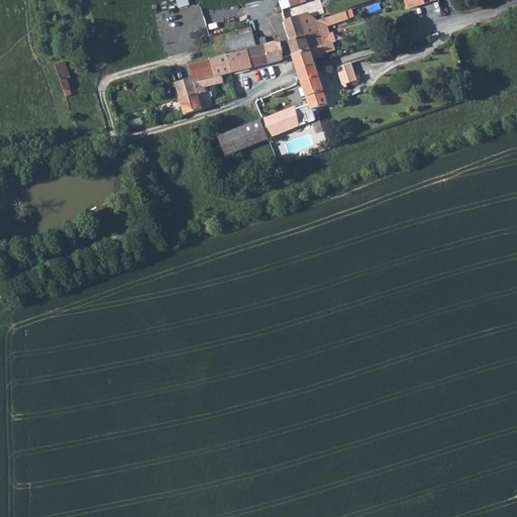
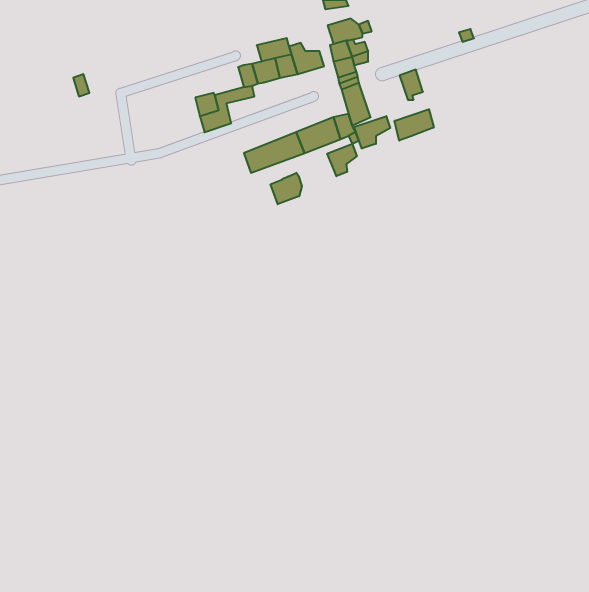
building: [186,60,216,84] -> none
building: none -> [395,109,434,141]
building: none -> [354,116,390,149]
building: none -> [327,144,357,176]
building: none -> [271,173,302,204]

